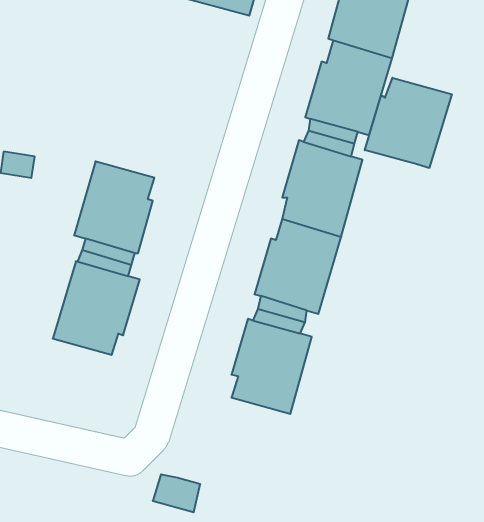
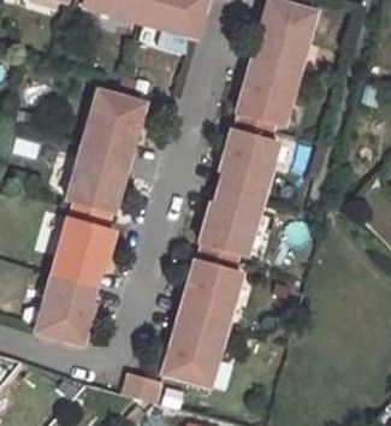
building: [365,78,452,168] -> none
building: none -> [83,90,146,156]
building: none -> [36,274,95,344]
building: none -> [164,318,226,386]

